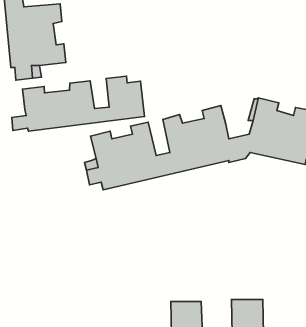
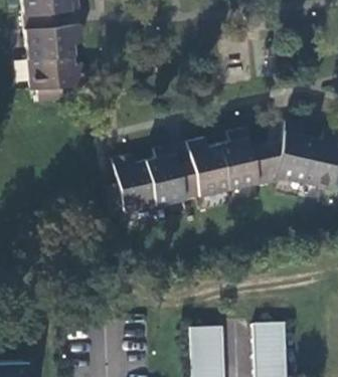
building: [12,76,145,131] -> none

